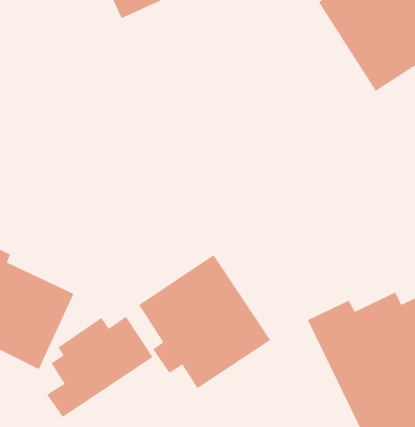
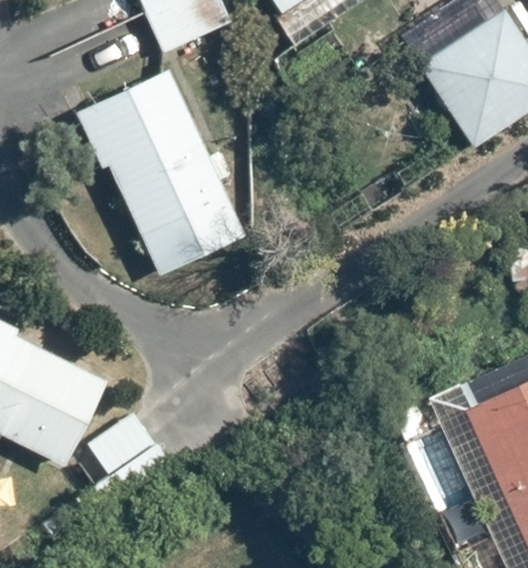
building: none -> [74,65,252,275]
building: [138,254,271,389] -> none

